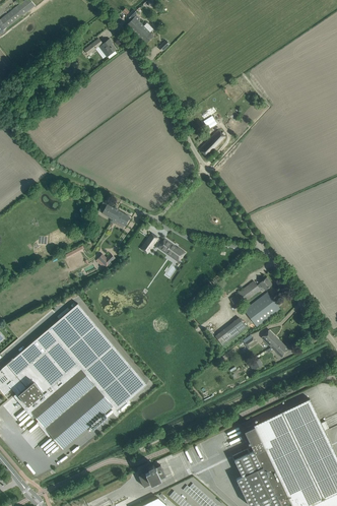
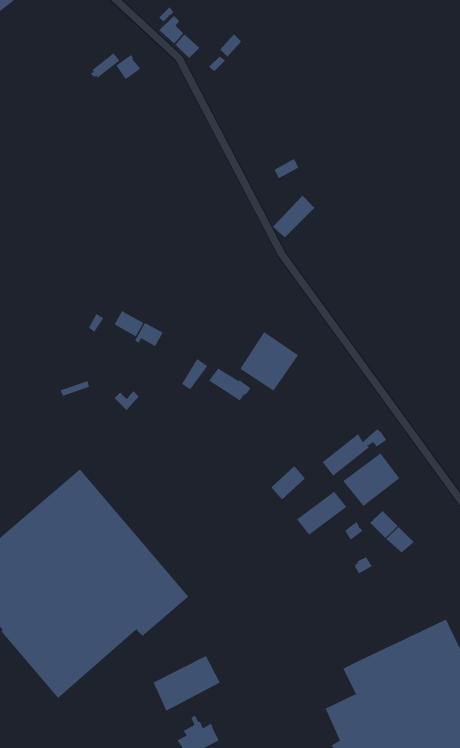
building: none -> [240,331,299,391]
building: none -> [153,655,221,711]

